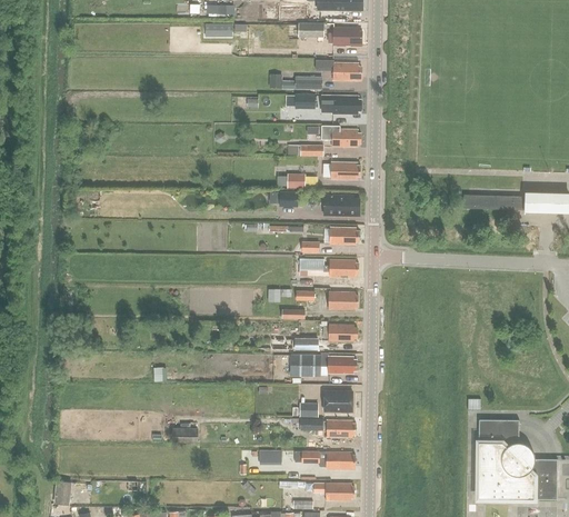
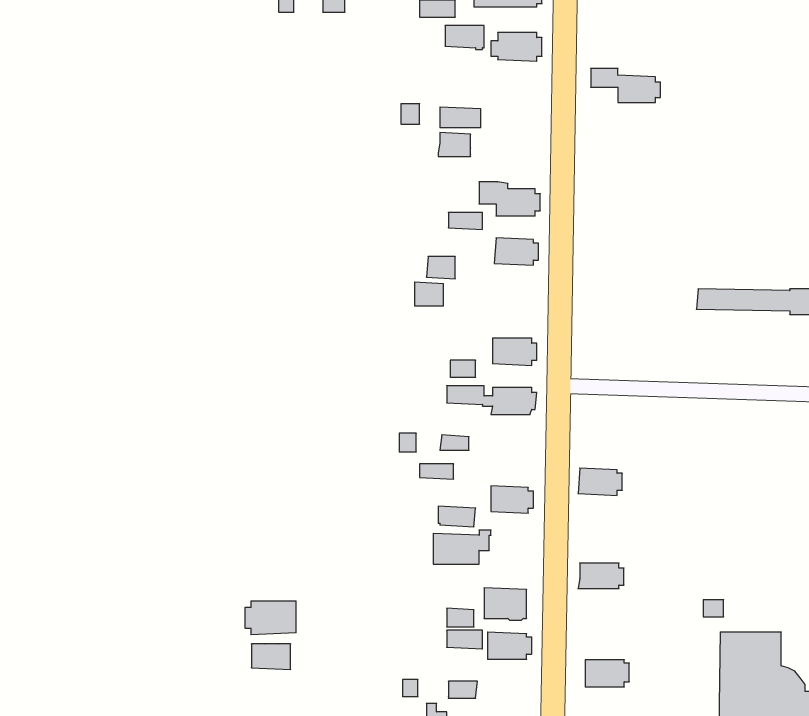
building: [315,58,360,80] -> [591,68,660,102]
building: [320,96,360,115] -> none
building: [323,195,359,215] -> none
building: [328,291,357,309] -> [578,468,622,495]
building: [326,356,356,372] -> [578,563,624,589]
building: none -> [245,601,296,635]
building: [326,451,355,469] -> [585,660,629,687]

